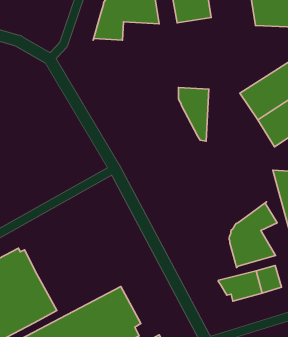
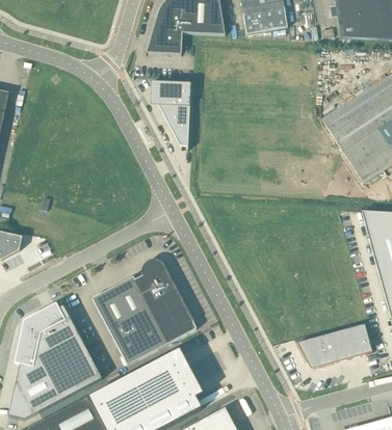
building: [178,87,209,141] -> [154,82,190,146]
building: [229,202,277,267] -> none
building: none -> [93,260,197,366]

